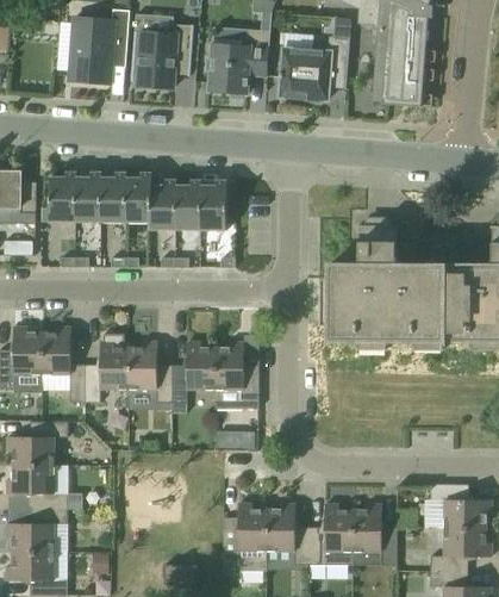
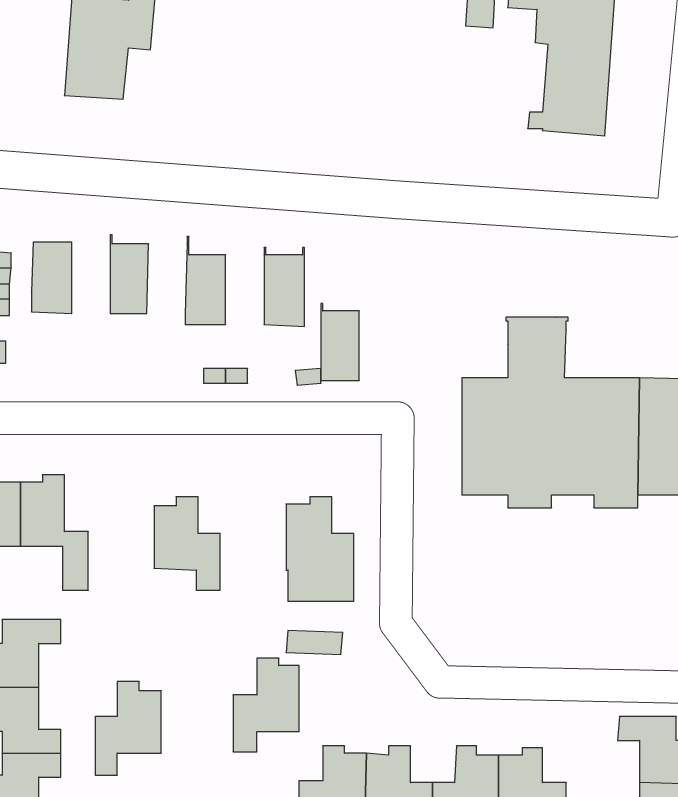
building: [131,23,193,87] -> none
building: [206,29,270,93] -> none
building: [279,38,349,99] -> none
building: [75,170,100,222] -> none
building: [124,170,150,222] -> none
building: [175,179,200,229] -> [321,304,359,380]
building: [86,341,129,402] -> [95,682,161,775]
building: [171,341,214,402] -> [233,658,299,752]

